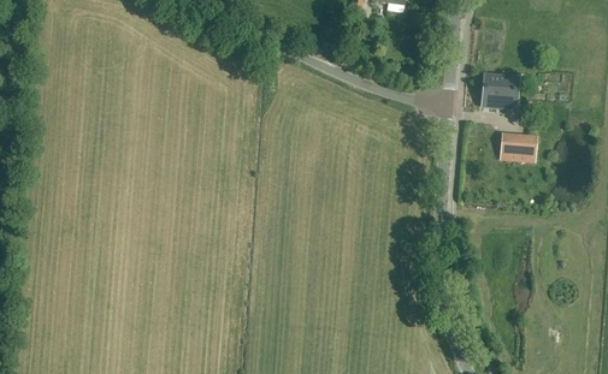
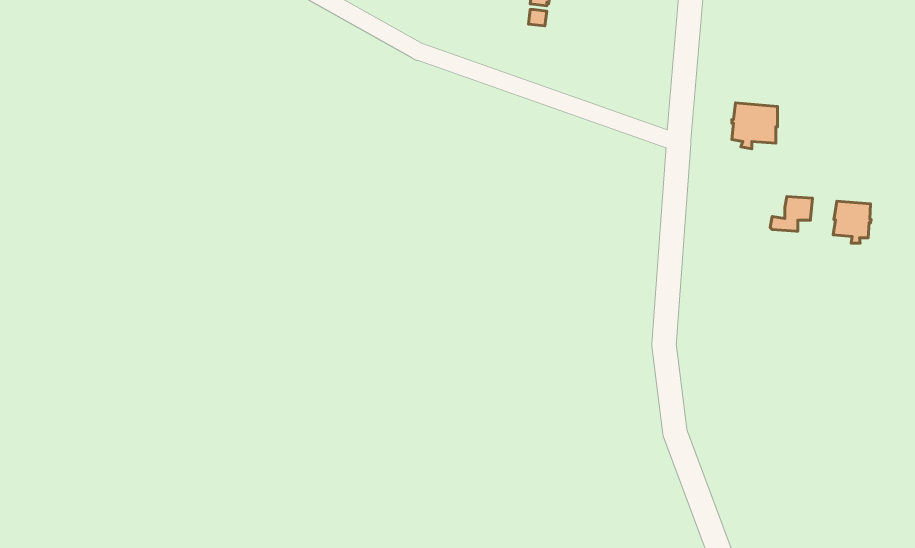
building: none -> [833,201,871,243]

